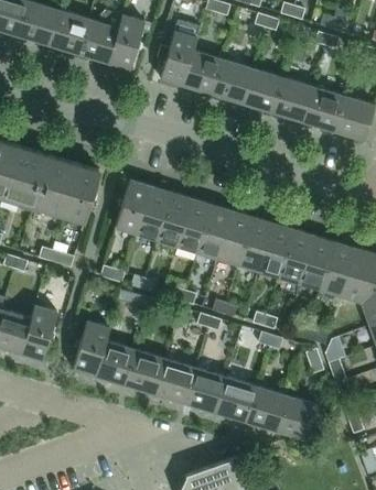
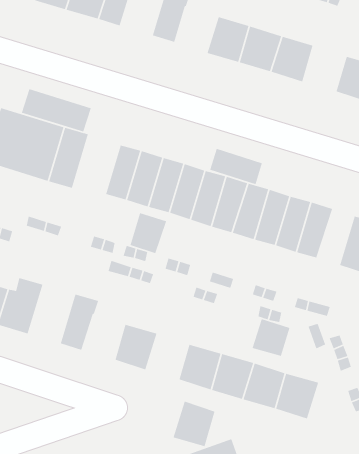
building: [181,51,222,95] -> none
building: [302,87,343,131] -> none
building: none -> [21,88,92,132]
building: none -> [209,148,263,185]
building: [315,241,351,295] -> none
building: none -> [129,212,167,254]
building: [93,341,133,384] -> none
building: none -> [252,318,290,357]
building: [153,359,194,403] -> [173,401,216,447]

